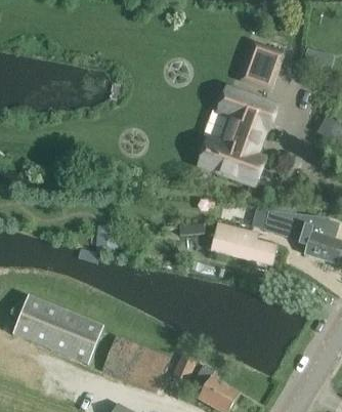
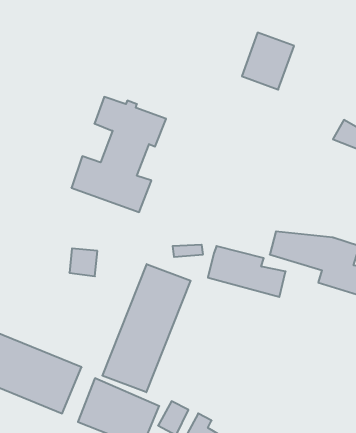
building: [198,87,277,184] -> [71,97,166,212]
building: none -> [102,264,191,392]

